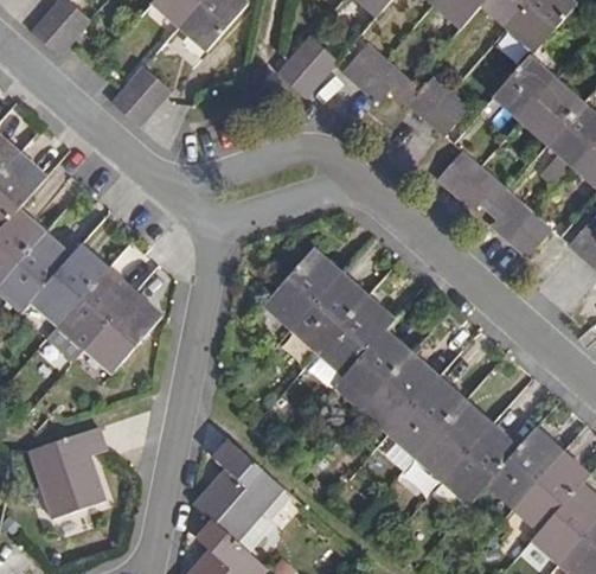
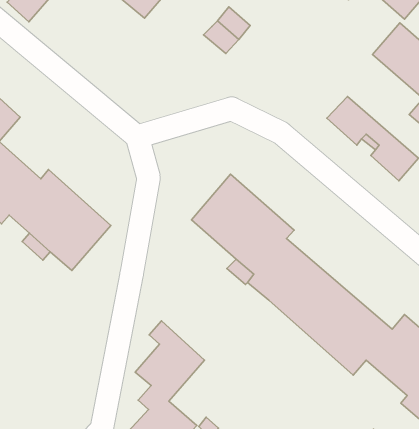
building: [341,44,469,136] -> none
building: [110,66,169,127] -> none
building: [31,423,109,516] -> none

